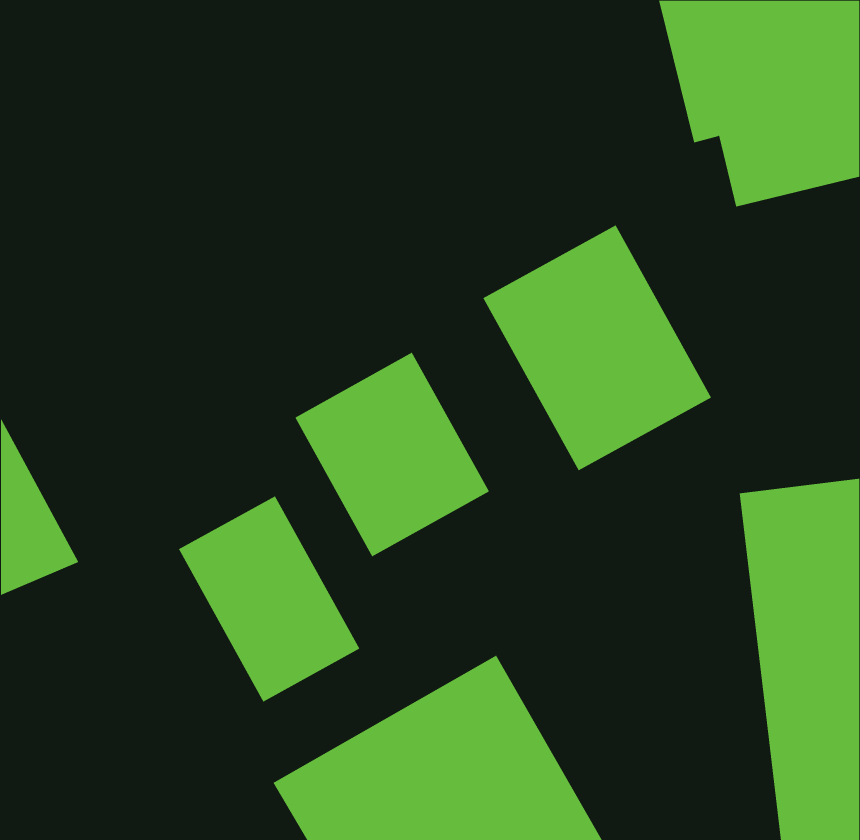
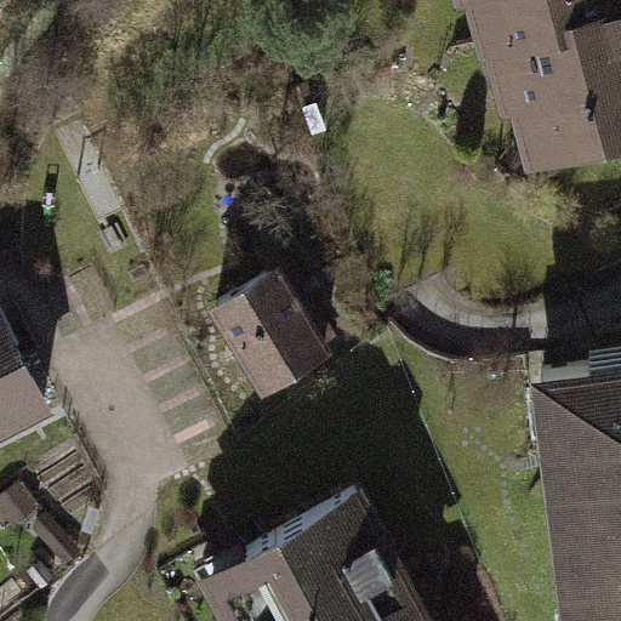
building: [482,224,712,471] -> none
building: [178,495,360,702] -> none

